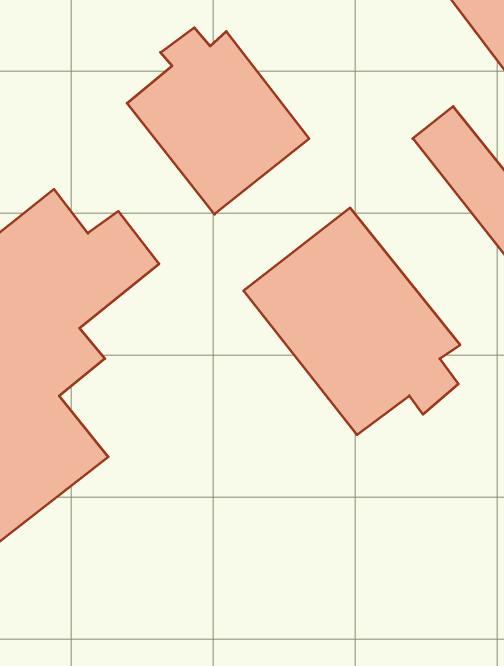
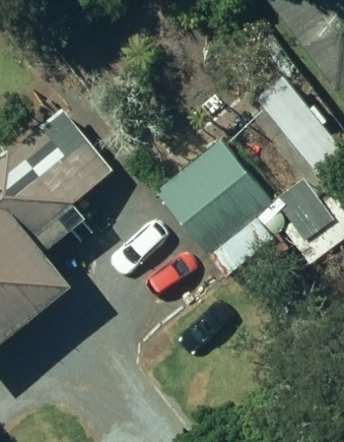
building: [127,28,309,214] -> none

